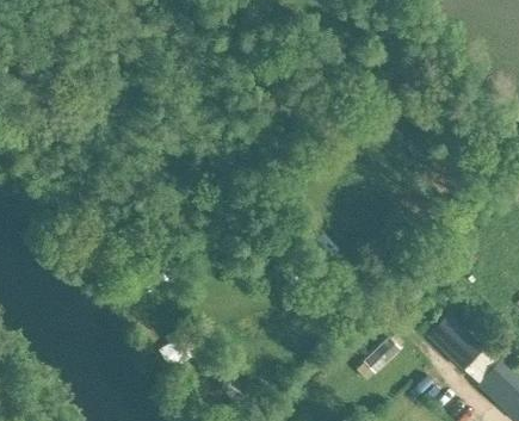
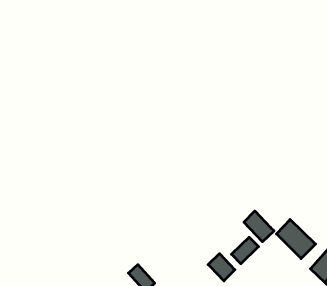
building: none -> [244,211,274,242]
building: none -> [208,254,235,281]

